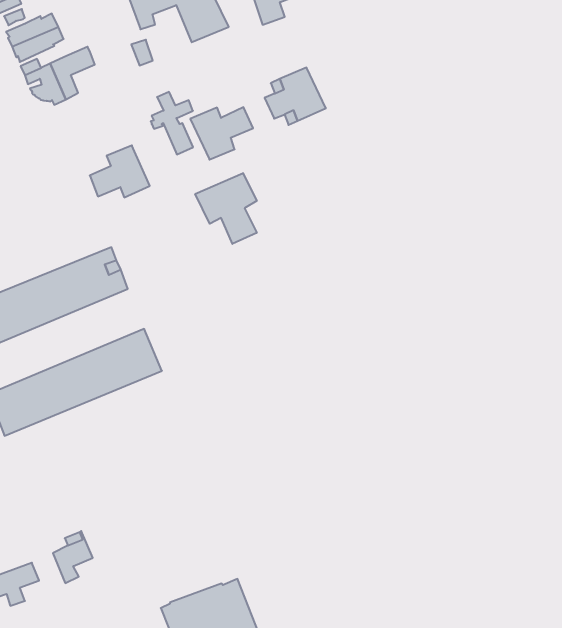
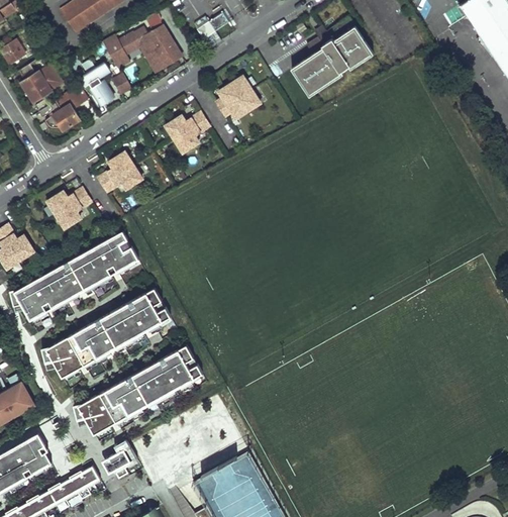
building: none -> [293,18,374,96]
building: [151,92,193,154] -> [81,62,114,106]
building: [195,173,257,244] -> none
building: none -> [45,191,90,230]
building: none -> [80,341,203,432]

